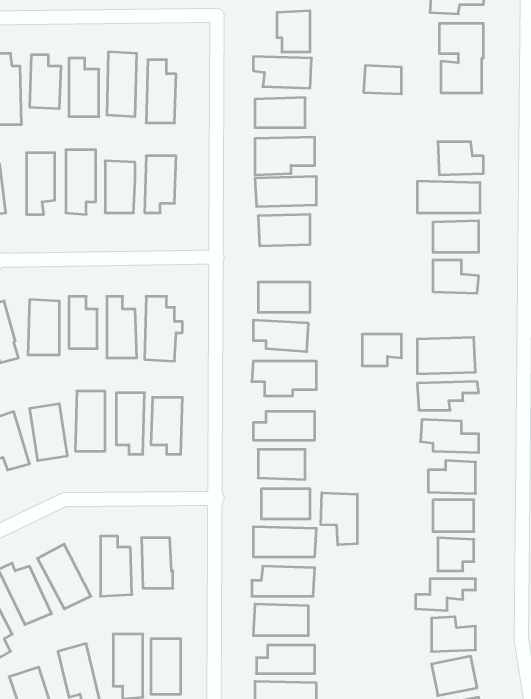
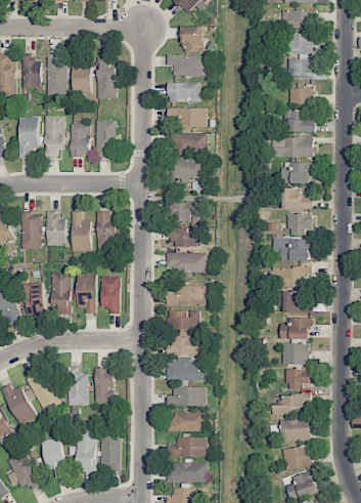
building: [364,66,401,94] -> [289,86,314,104]
building: [362,334,402,366] -> [288,214,314,235]
building: [321,493,357,545] -> none

